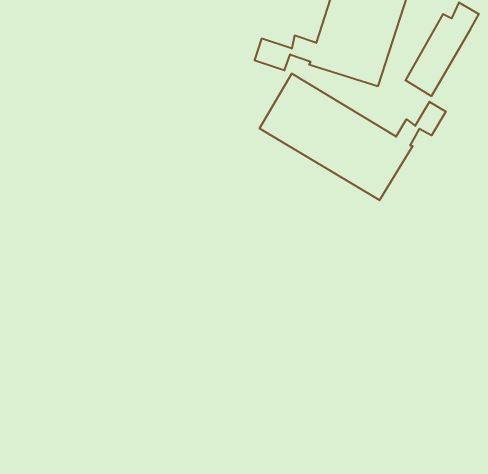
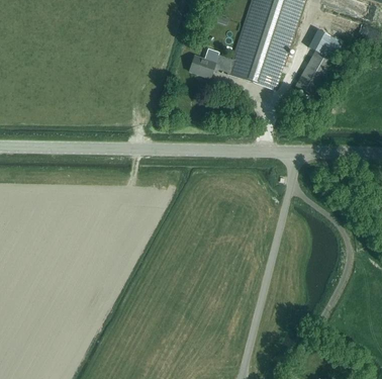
building: [260,73,446,200] -> none

